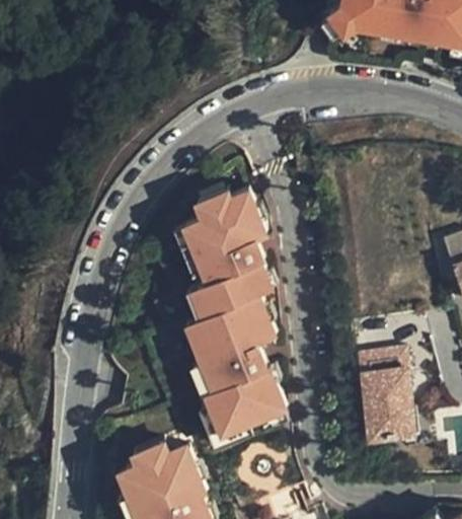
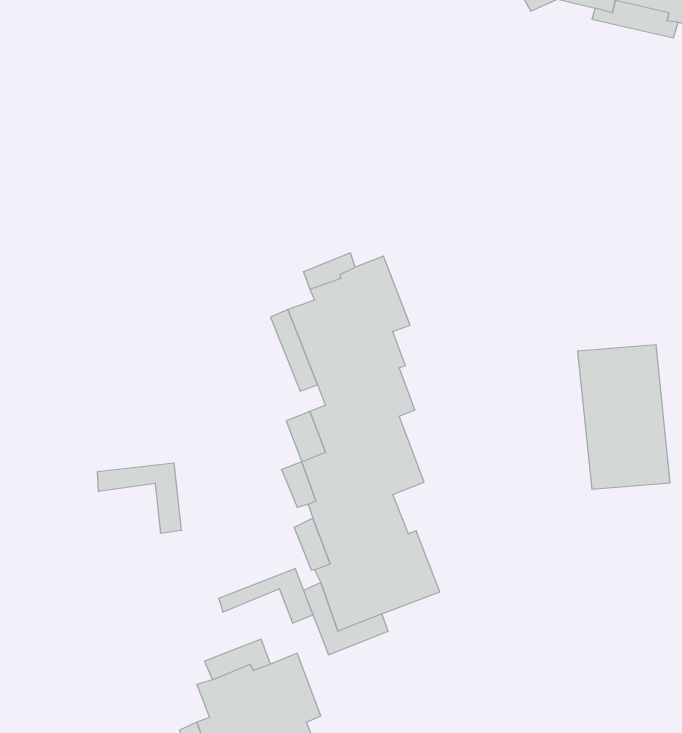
building: none -> [98,463,181,533]
building: [357,346,416,439] -> [578,345,670,489]
building: none -> [219,568,313,623]

